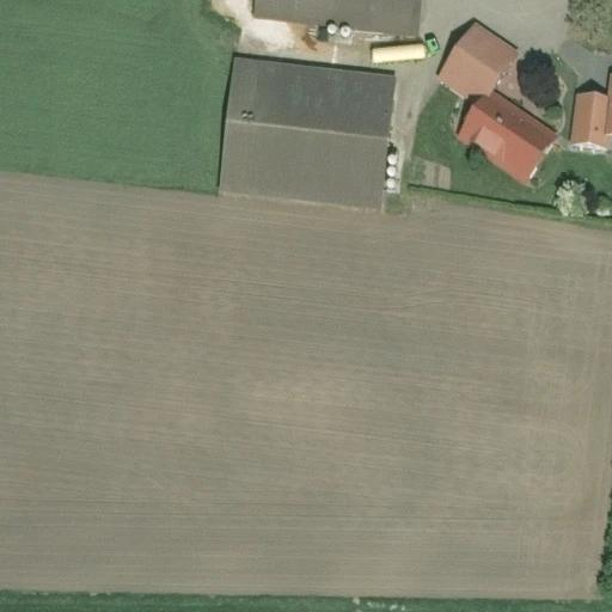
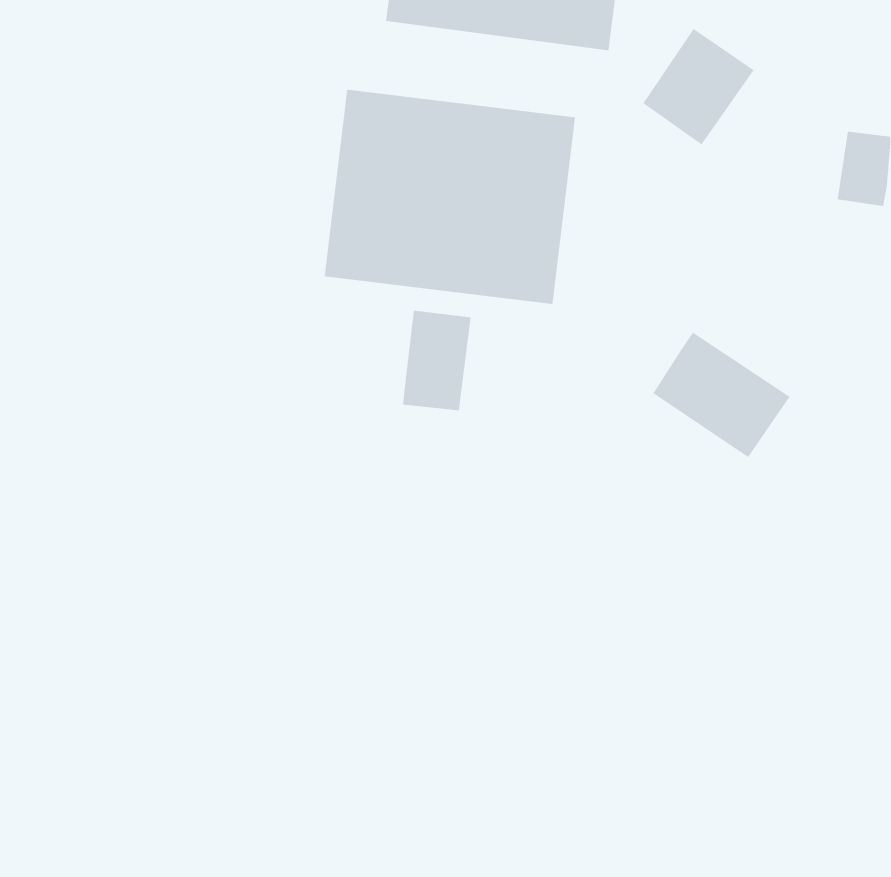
building: [460,87,555,173] -> [652,332,791,458]
building: none -> [402,310,471,411]

